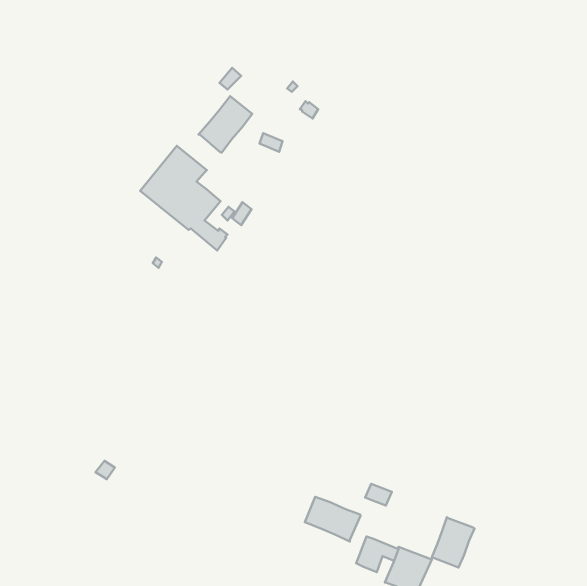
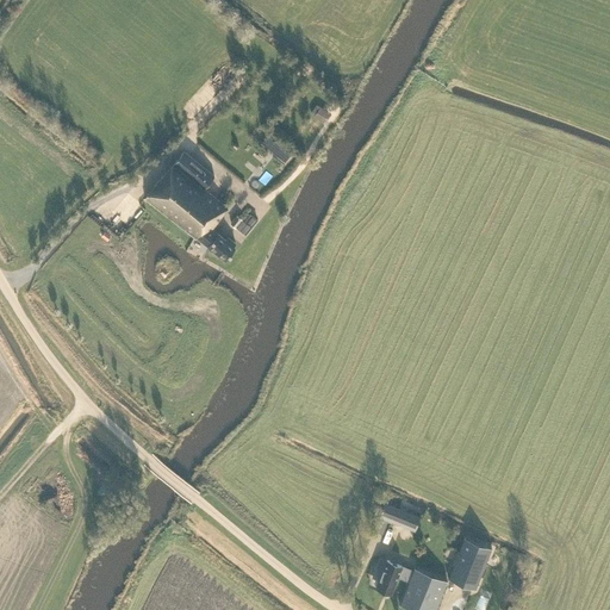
building: [198,96,252,152] -> none
building: [305,497,360,542] -> none

